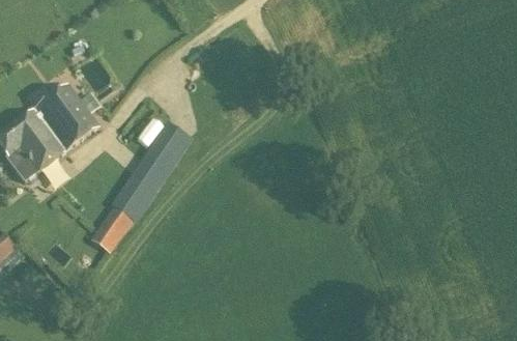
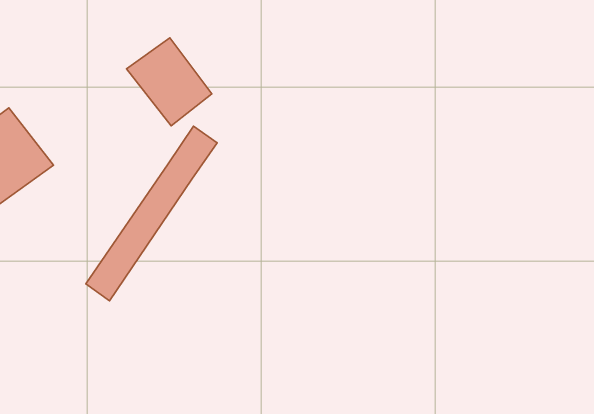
building: [35,84,98,149] -> [126,38,212,126]

